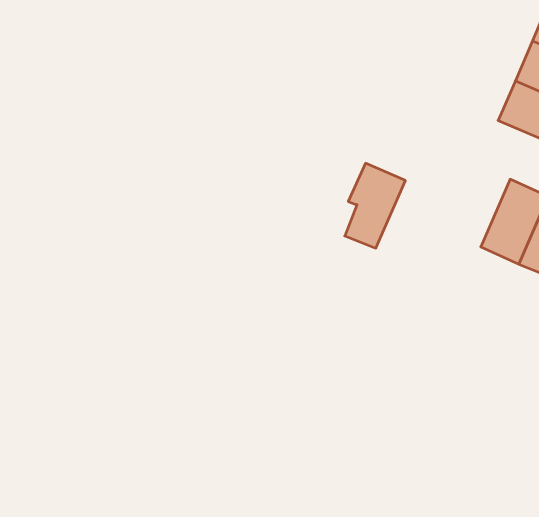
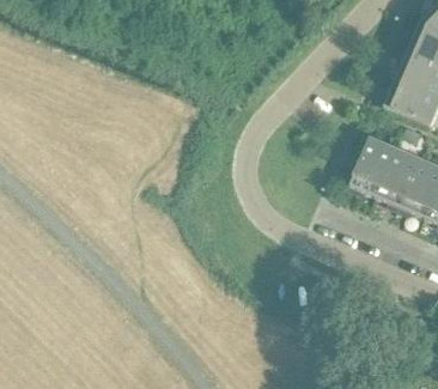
building: [345,163,405,248] -> [354,135,396,194]

